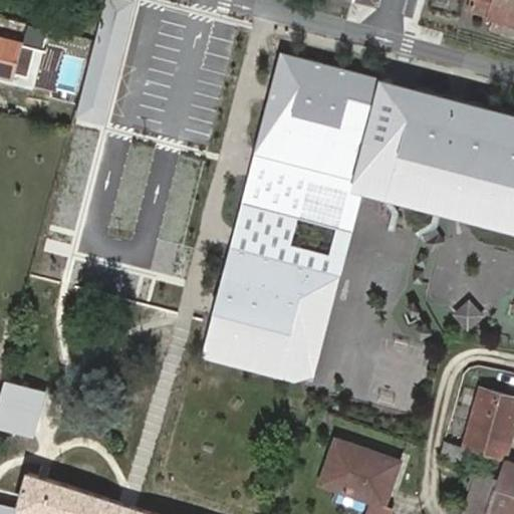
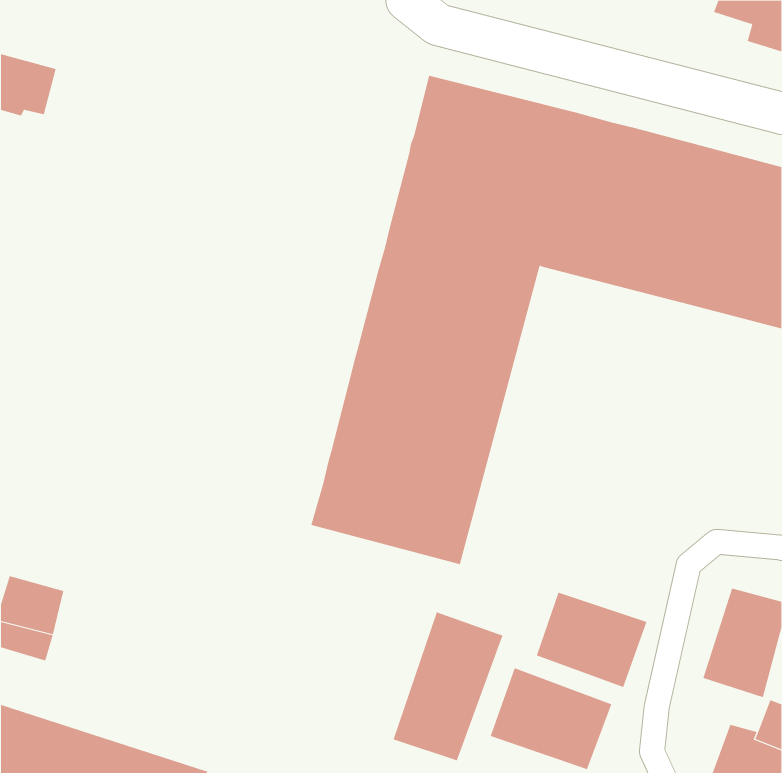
building: none -> [536,592,647,688]
building: none -> [393,612,503,761]

